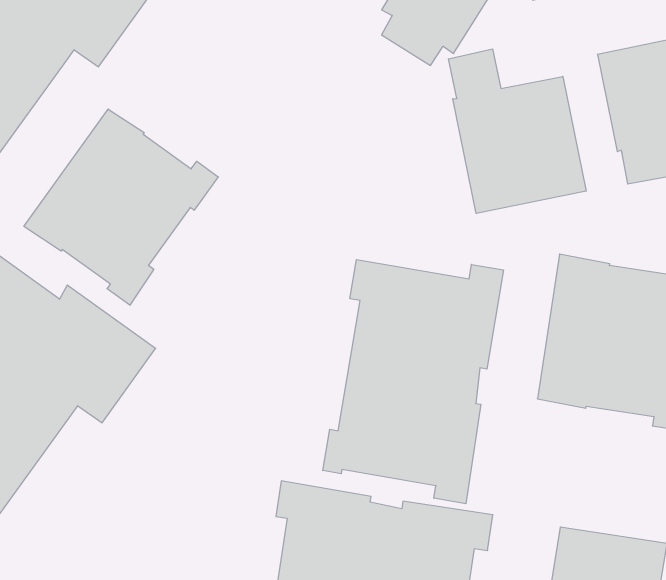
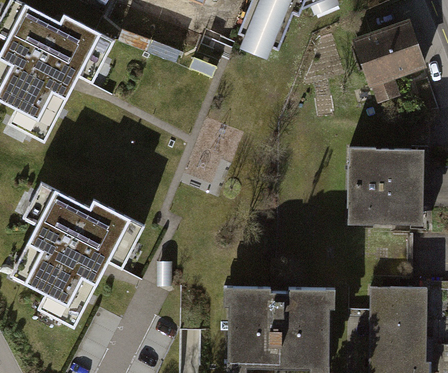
building: [448,49,586,213] -> none
building: [24,109,218,305] -> none
building: [323,260,503,504] -> none

